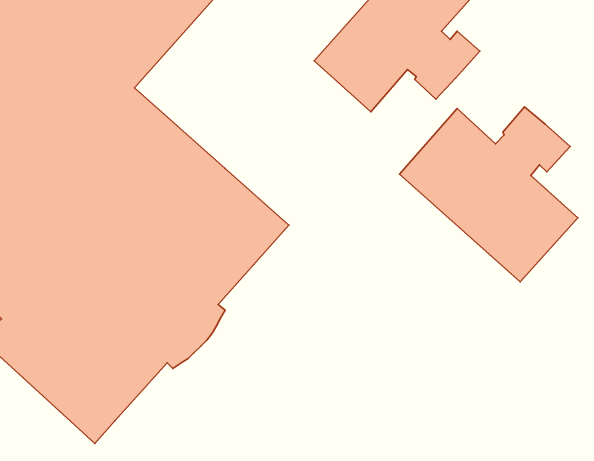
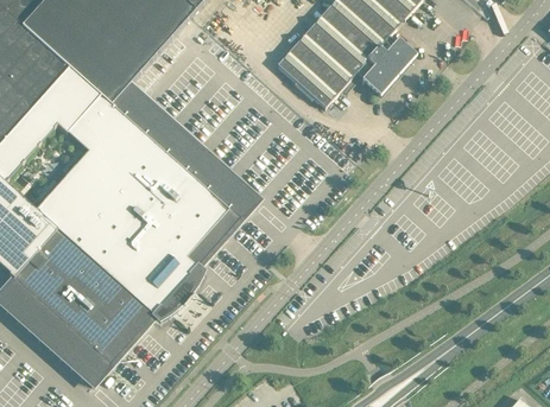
building: [399,107,578,282] -> none

